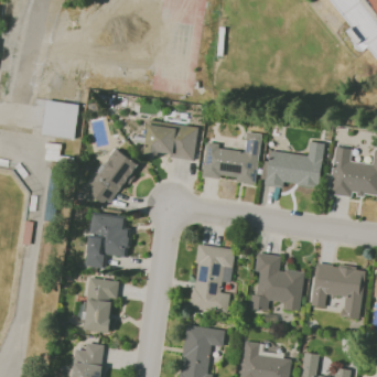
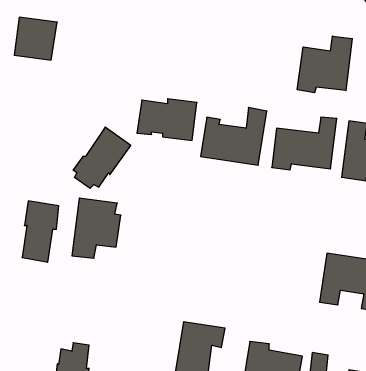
building: none -> [297,36,352,93]
building: [40,99,78,138] -> [14,17,57,60]
building: [188,245,235,313] -> none
building: [249,254,305,314] -> none
building: [86,278,119,333] -> [22,201,59,262]

